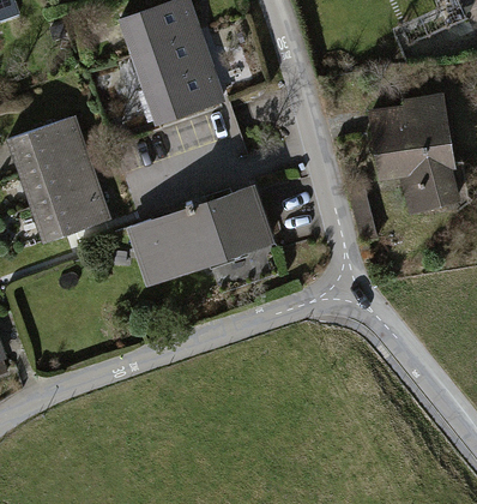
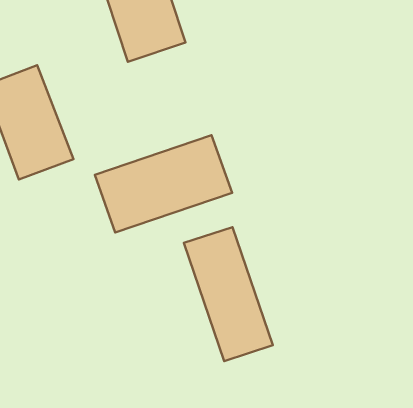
building: [369,96,454,212] -> none
building: none -> [184,227,273,361]

